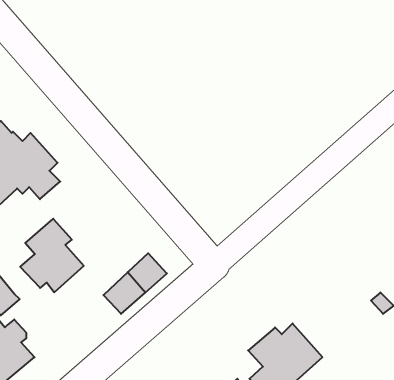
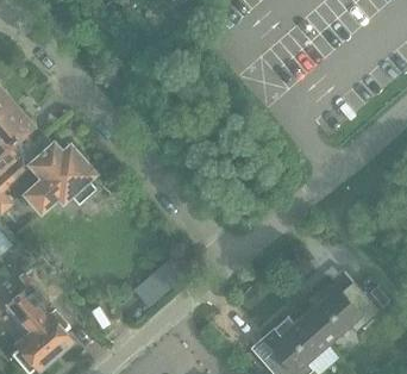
building: [20,219,84,292] -> none
building: none -> [300,278,377,343]

